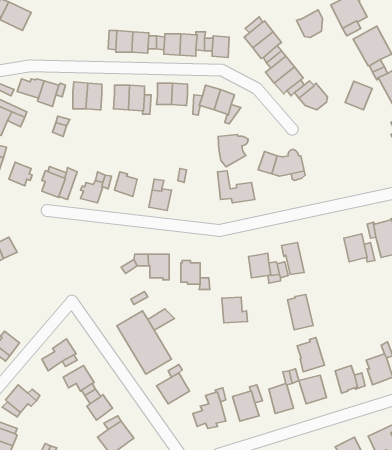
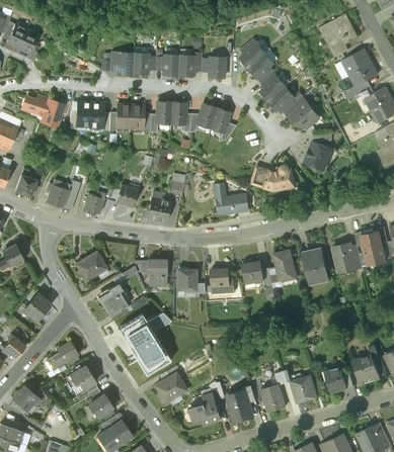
building: [296,10,322,37] -> none
building: [345,81,372,110] -> [306,141,331,168]
building: [218,134,248,167] -> none
building: none -> [75,252,105,282]
building: none -> [98,283,128,313]
building: none -> [23,294,51,322]
building: [288,294,313,330] -> [303,249,327,282]
building: [222,297,247,323] -> [210,269,234,293]
building: [297,337,324,372] -> none

